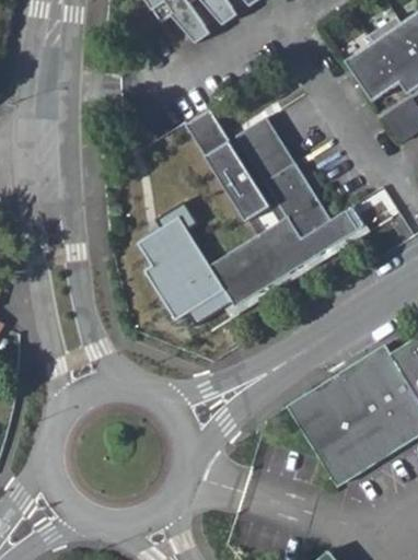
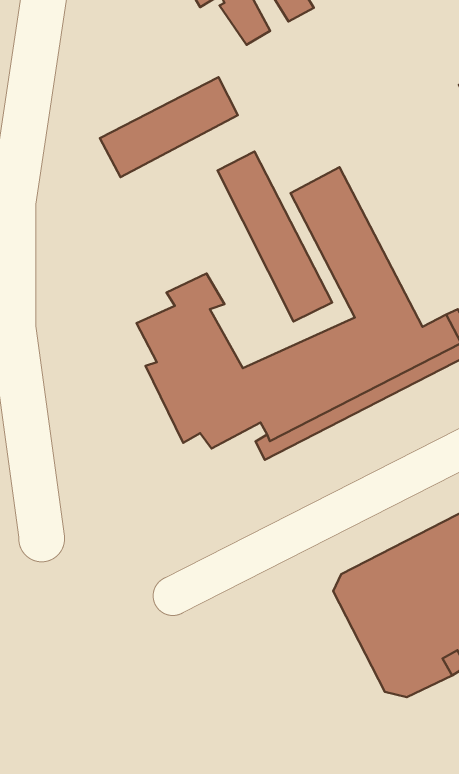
building: none -> [100,77,238,177]

